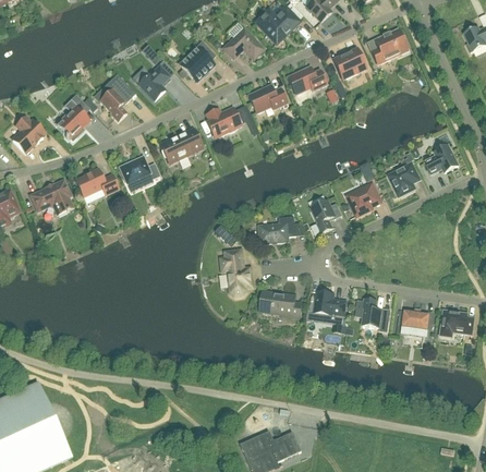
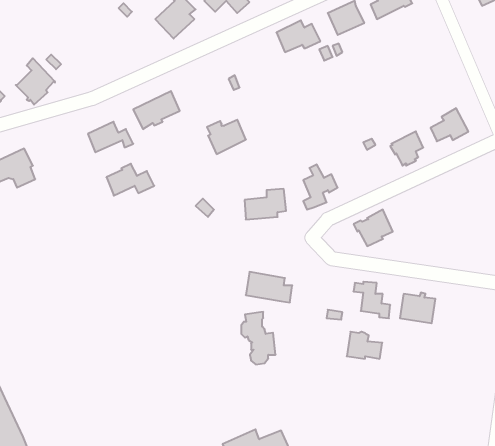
building: [138,65,169,100] -> none
building: [100,81,131,121] -> none
building: [247,84,288,113] -> none
building: [206,107,241,137] -> [207,120,246,154]
building: [76,168,119,196] -> [106,164,154,196]
building: [347,182,381,215] -> [354,210,393,246]
building: [222,249,253,295] -> [241,312,276,364]
building: [315,291,347,315] -> [347,332,382,359]
building: [440,310,475,336] -> none

